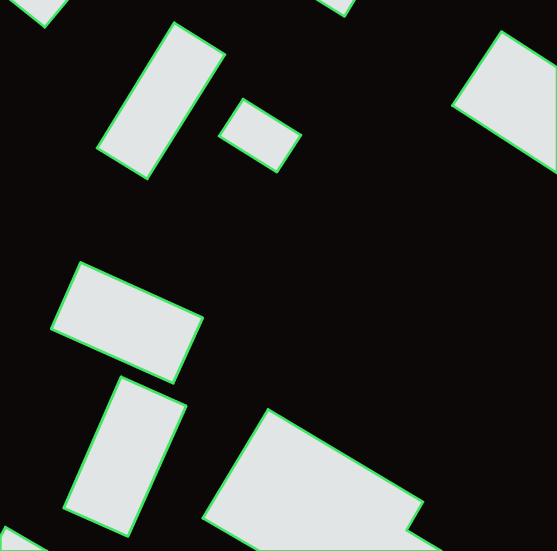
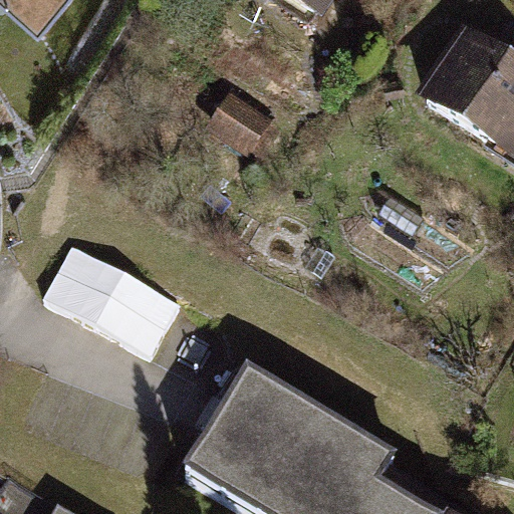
building: [97,23,225,179] -> none
building: [64,377,186,536] -> none

